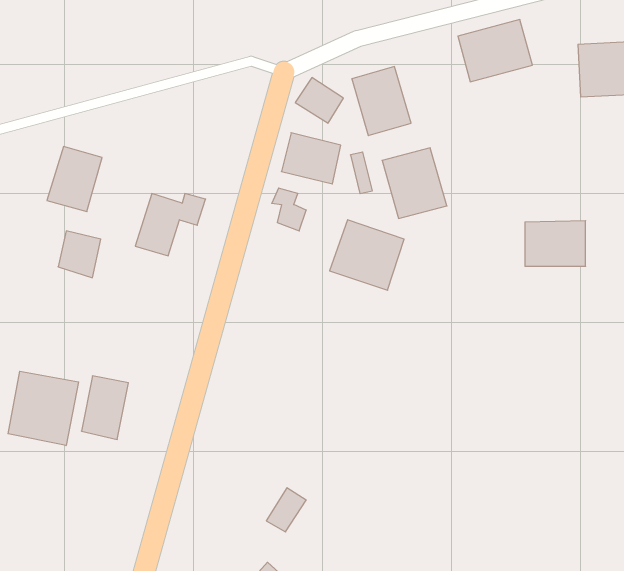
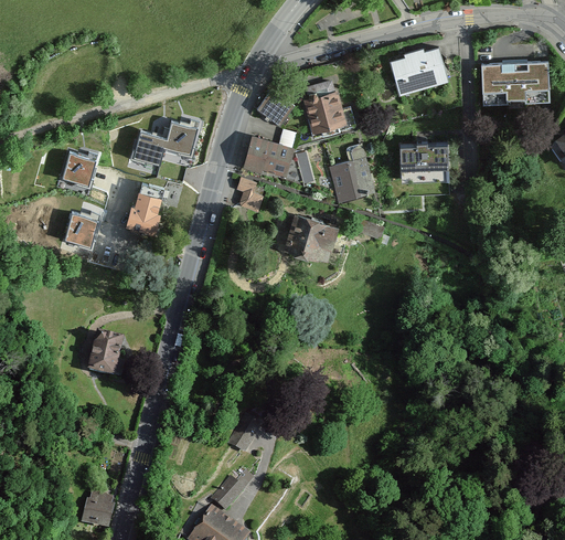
building: none -> [130,120,200,168]
building: [525,221,586,266] -> [404,142,452,179]
building: [8,371,79,446] -> none

